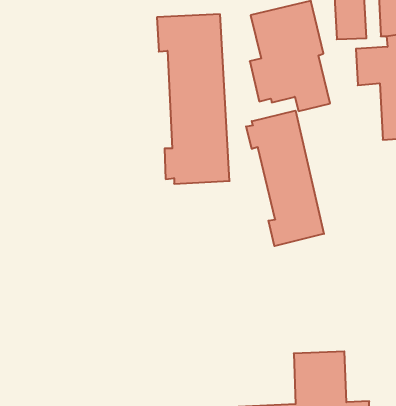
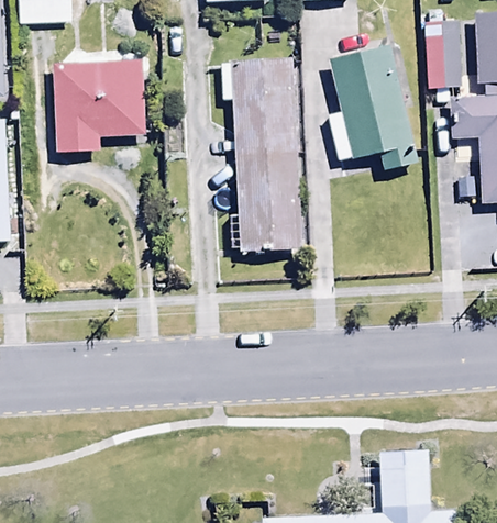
building: none -> [55,56,146,151]
building: [246,111,324,246] -> none

